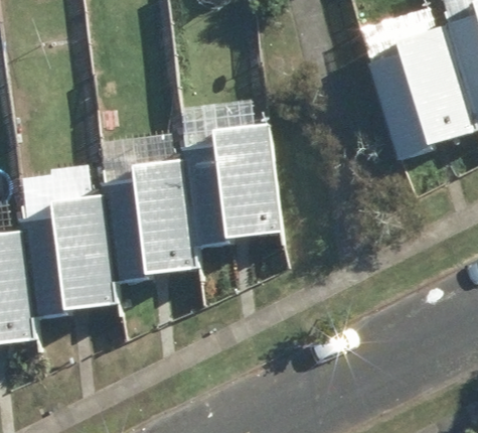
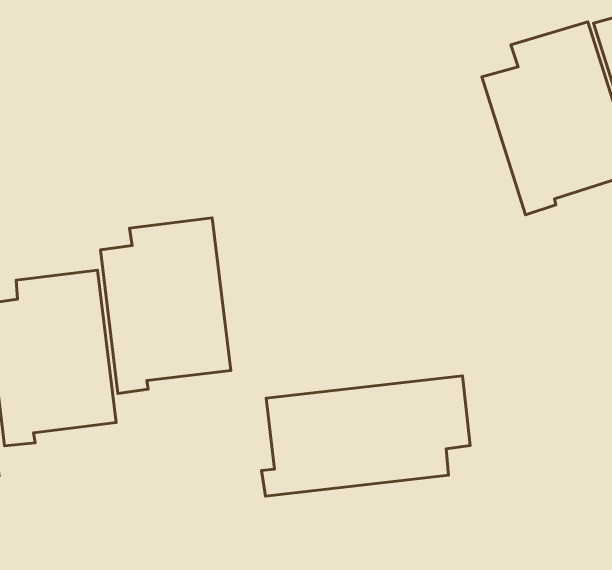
building: [183,126,279,248] -> none
building: none -> [261,376,470,496]

